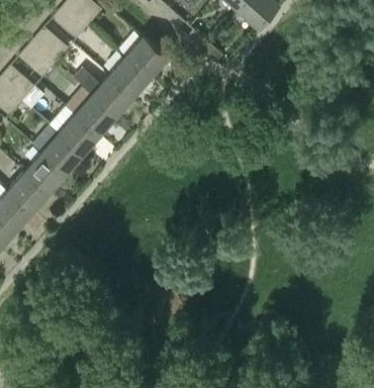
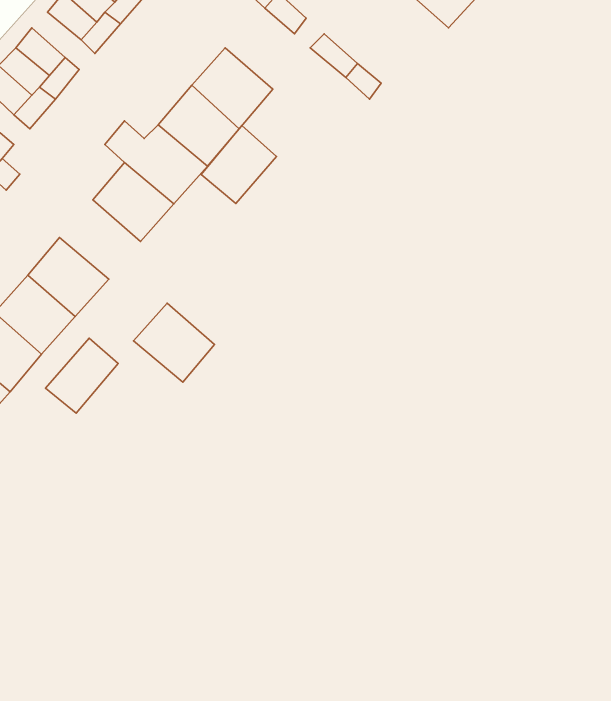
building: none -> [201,125,277,204]
building: [58,115,99,156] -> [134,303,215,382]
building: none -> [46,338,118,413]

